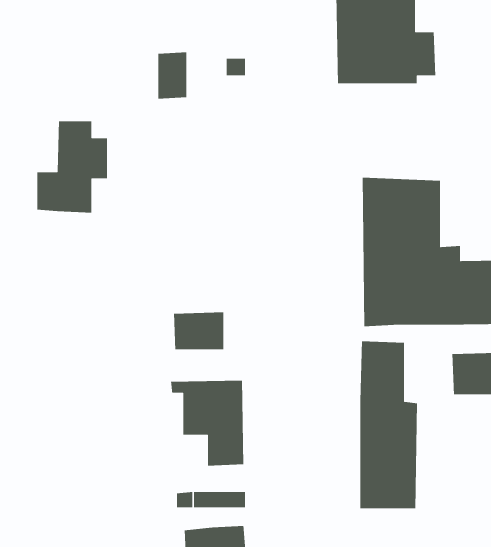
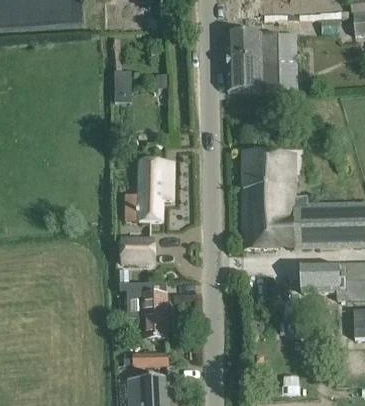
building: [37,120,108,213] -> [126,160,172,220]
building: [359,341,418,509] -> none

